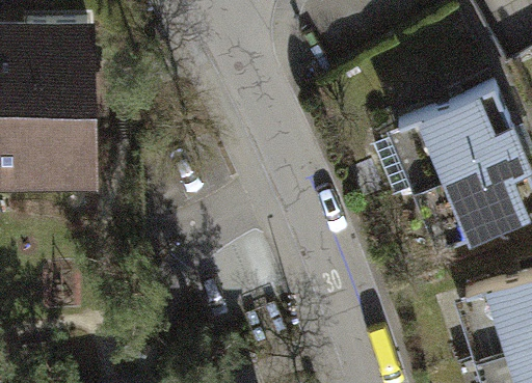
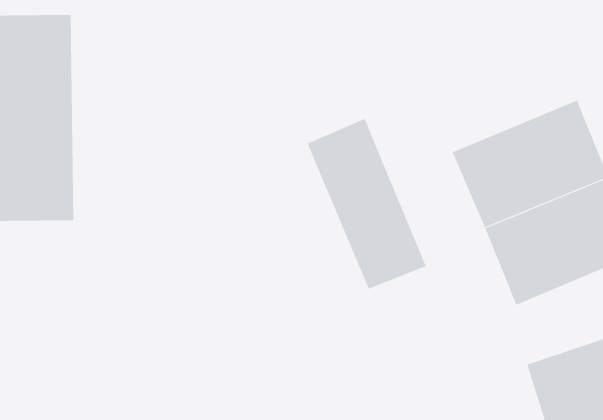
building: none -> [307,118,427,290]

